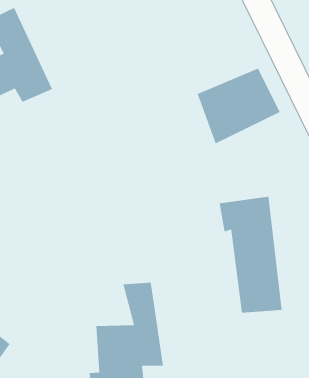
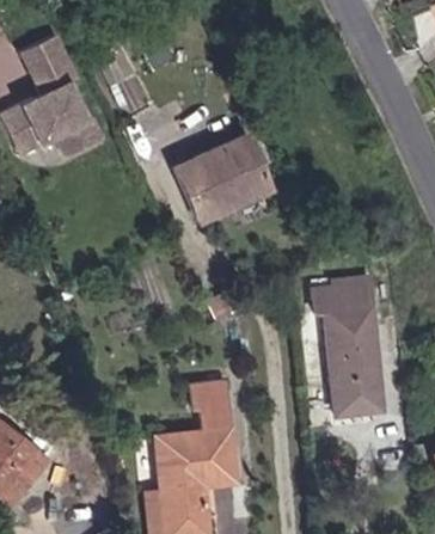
building: [197,68,281,144] -> [172,134,276,228]

